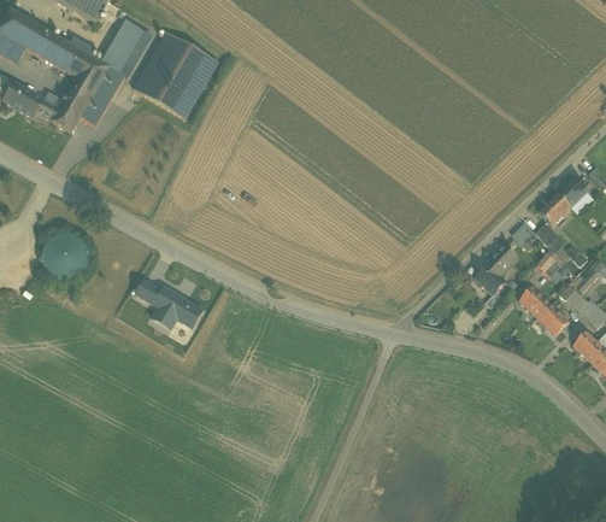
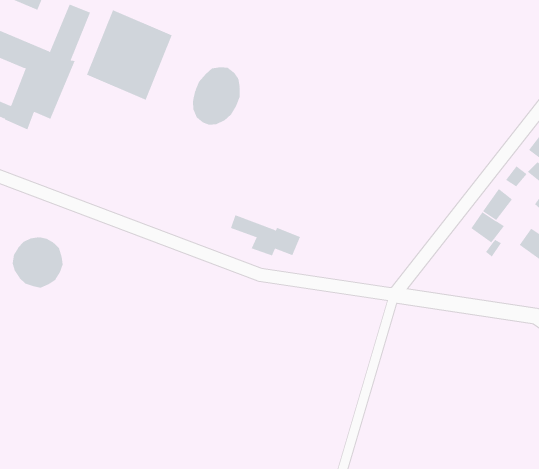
building: none -> [193,66,240,126]
building: [136,282,201,328] -> [230,215,301,256]

